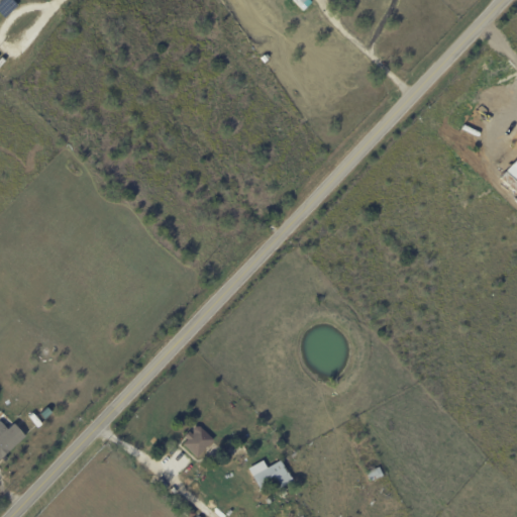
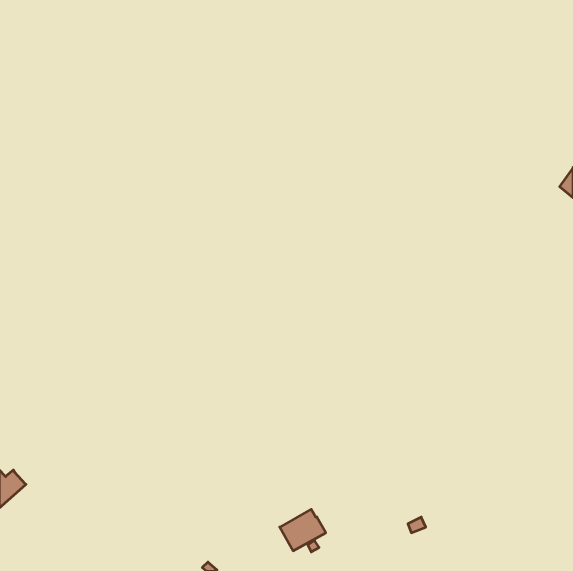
building: [181,425,213,456] -> none

